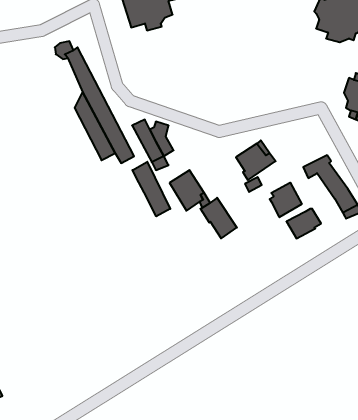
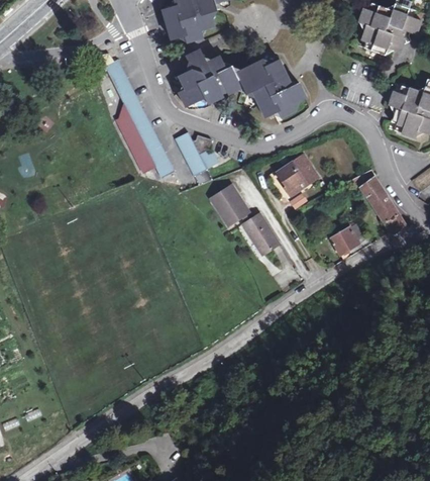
building: none -> [180,50,306,118]
building: [132,162,170,216] -> none
building: [270,183,302,217] -> none

